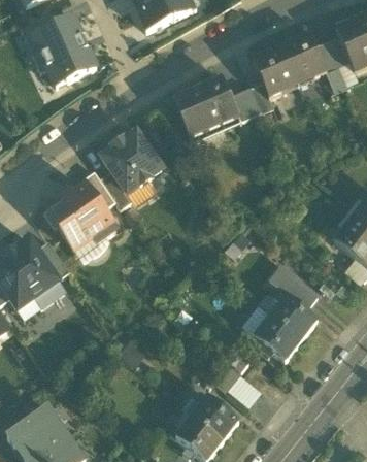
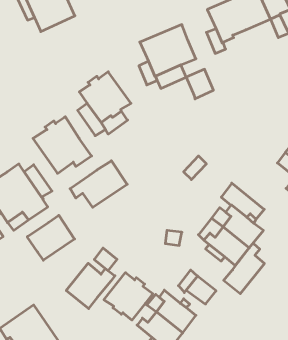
building: [229,87,261,122] -> [186,69,213,99]
building: [80,171,115,211] -> none
building: none -> [70,161,127,207]
building: none -> [27,215,75,260]
building: none -> [224,244,264,294]
building: none -> [66,263,115,309]
building: none -> [104,273,153,320]

